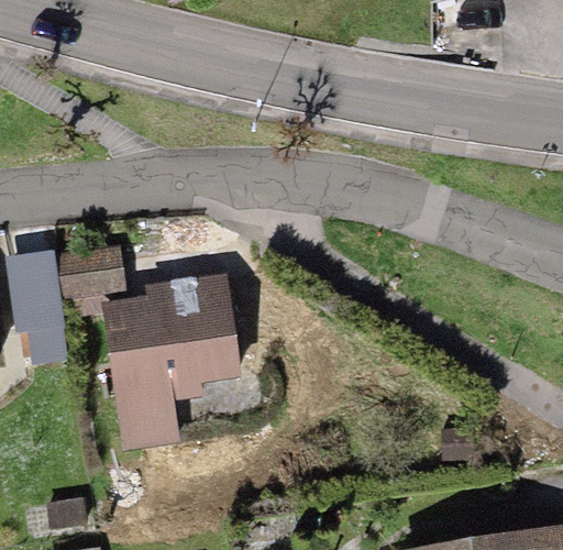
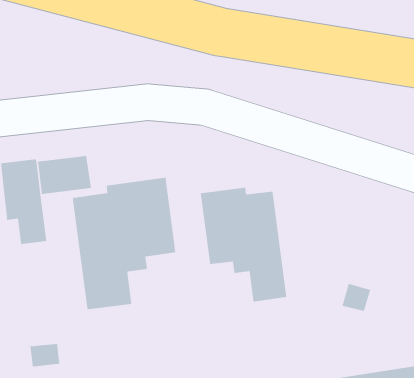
building: none -> [200,187,287,302]

